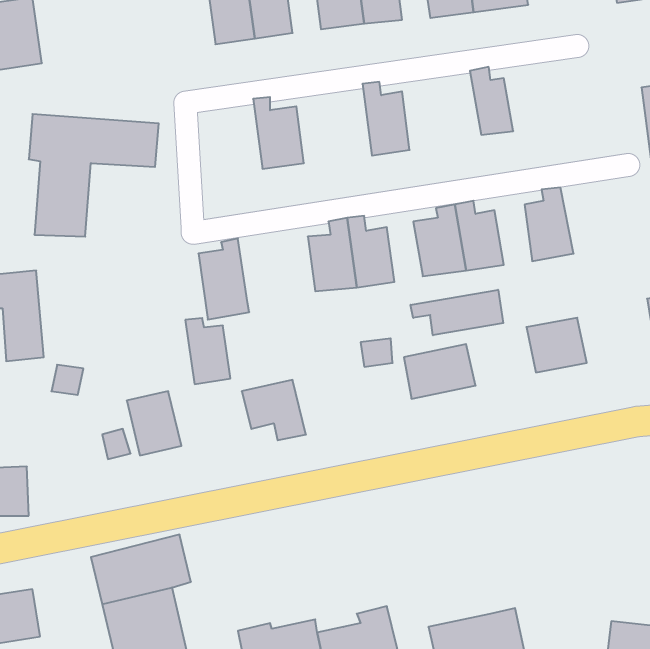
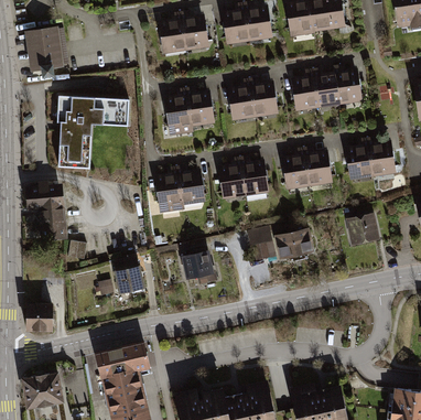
building: none -> [332,65,360,105]
building: none -> [291,69,320,111]
building: none -> [228,77,256,121]
building: none -> [163,86,194,138]
building: none -> [366,136,397,176]
building: [411,290,503,335] -> none
building: [185,318,230,384] -> [177,166,204,205]

